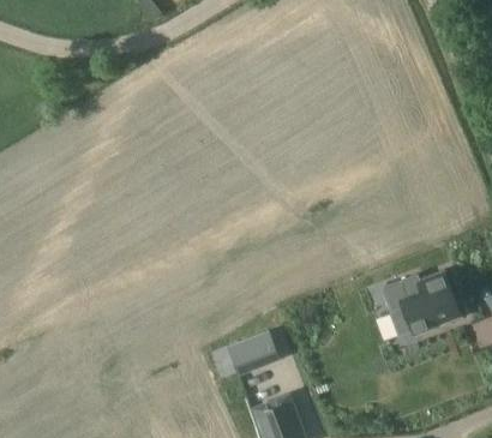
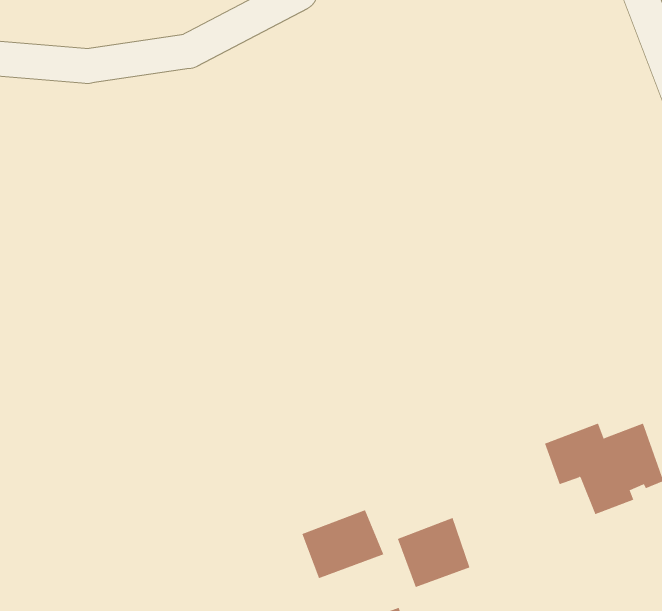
building: none -> [397,517,470,588]

